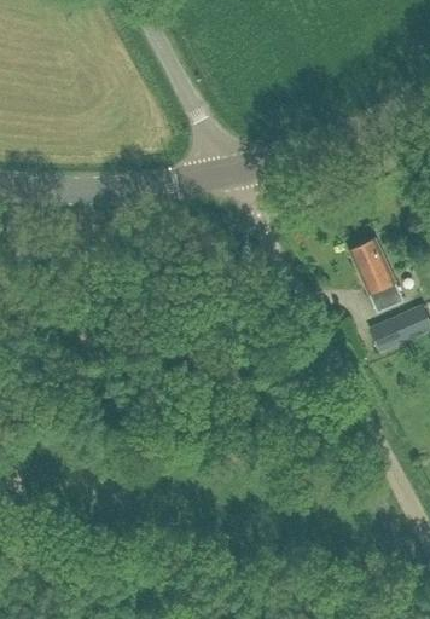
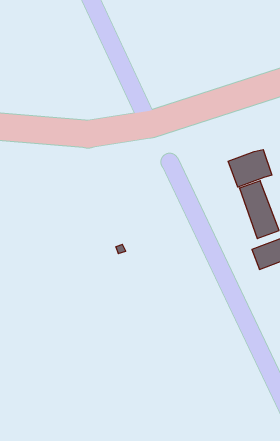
building: none -> [228,150,272,187]

